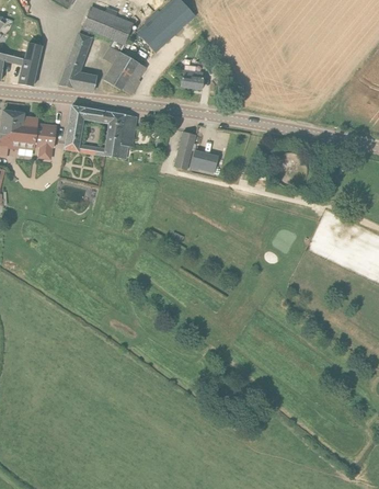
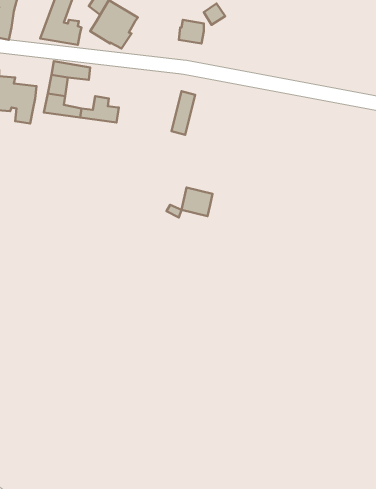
building: [107,113,137,147] -> none
building: [190,151,217,177] -> [181,187,213,216]

